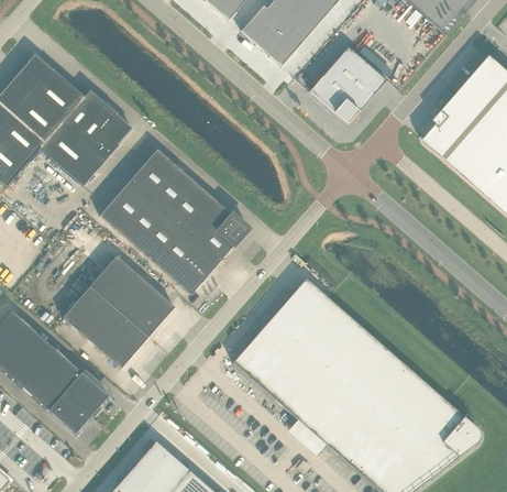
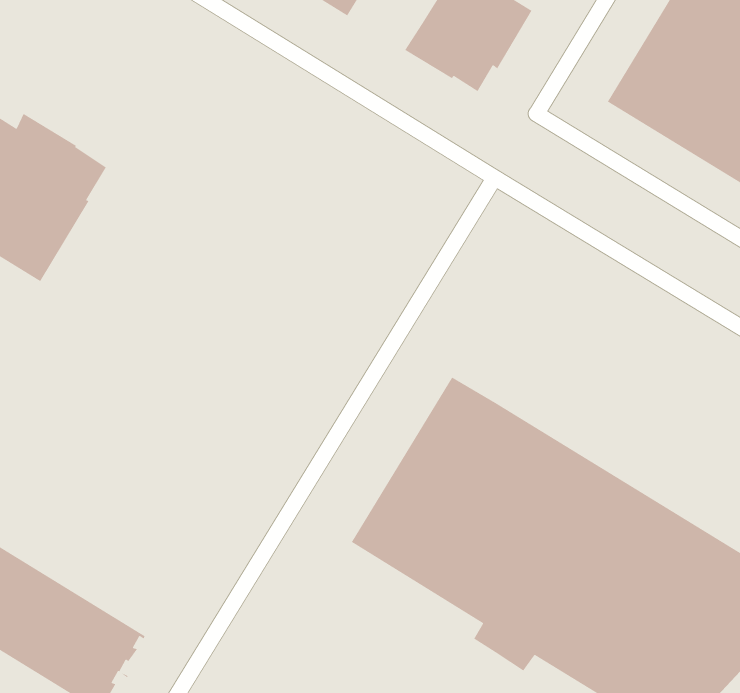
building: [99,149,249,294] -> none
building: [62,255,174,368] -> none

